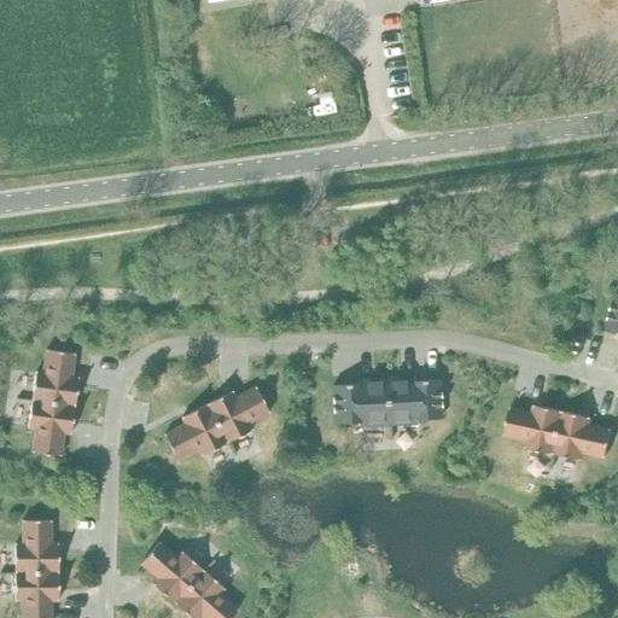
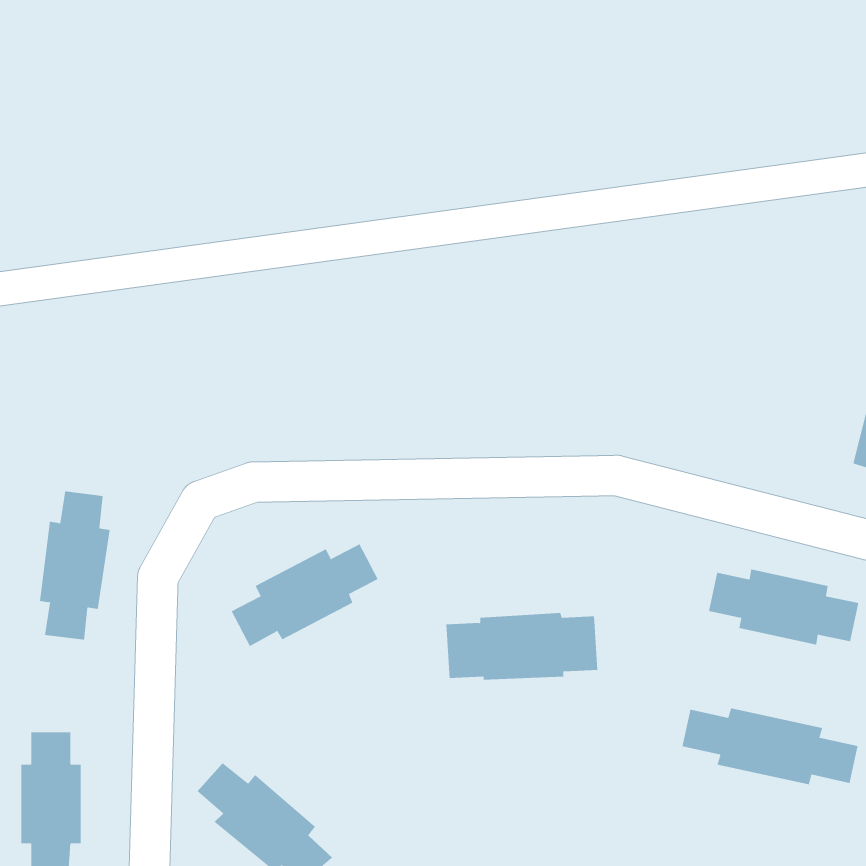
building: [333,378,442,426] -> [445,612,598,680]
building: none -> [682,707,858,785]

